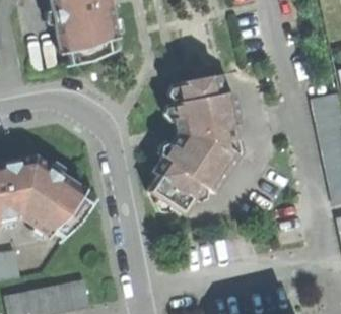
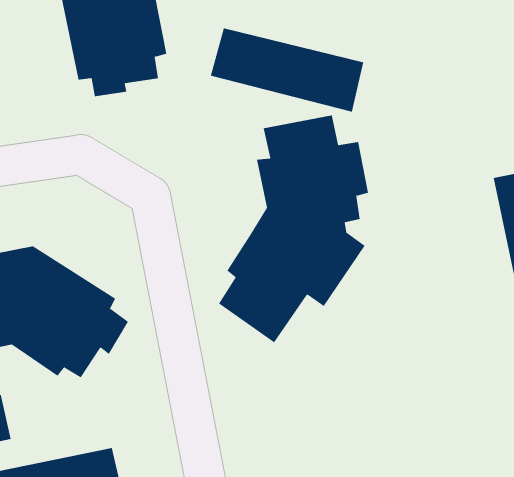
building: none -> [210,28,364,112]

